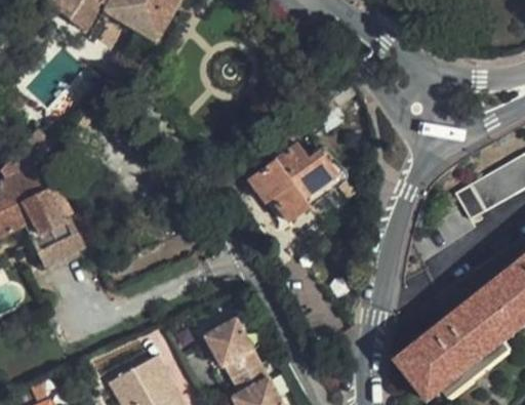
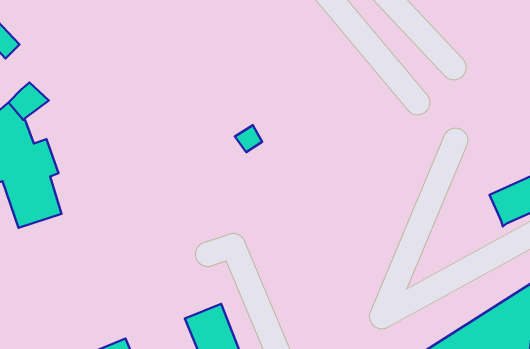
building: [252,146,338,219] -> none

